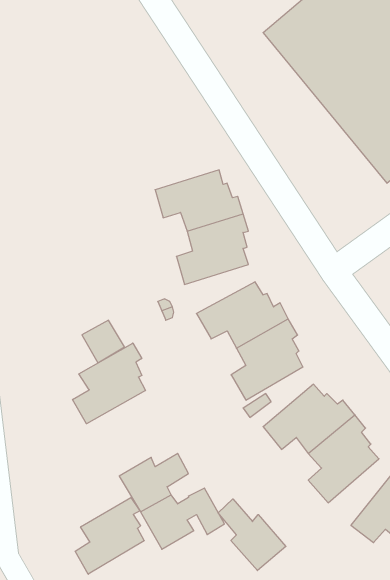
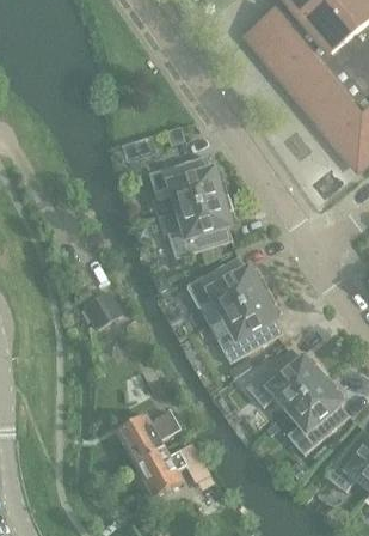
building: [73,343,145,424] -> none
building: [75,497,144,574] -> none
building: [218,499,286,571] -> none

